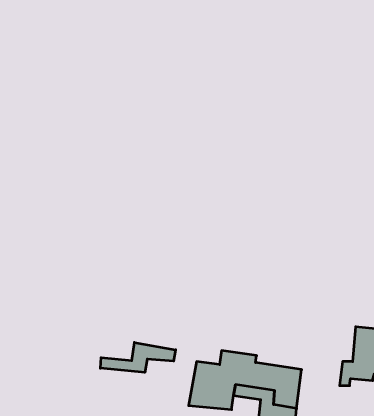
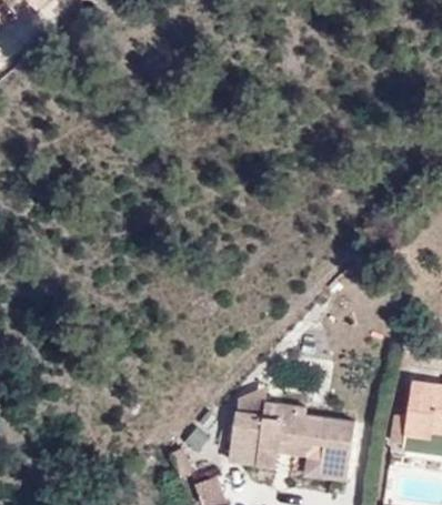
building: [100,342,176,372] -> none

